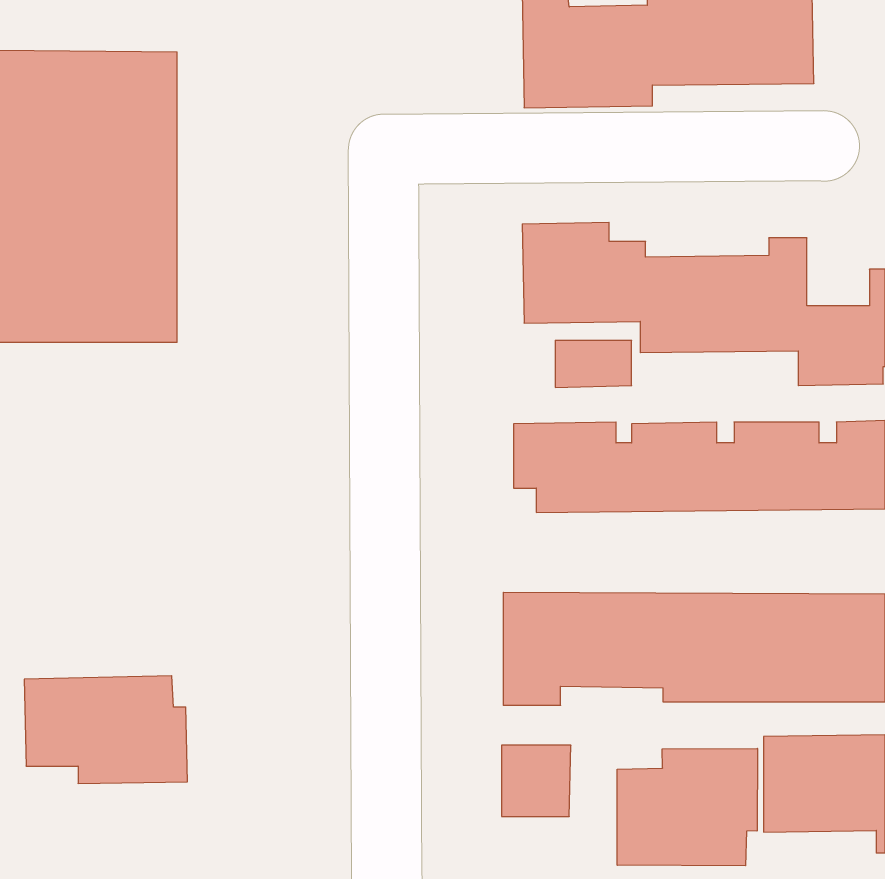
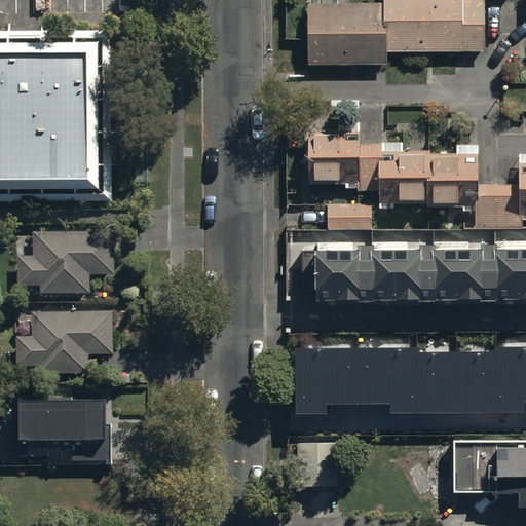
building: none -> [18,226,115,290]
building: none -> [16,308,113,372]
building: [617,748,757,866] -> none

